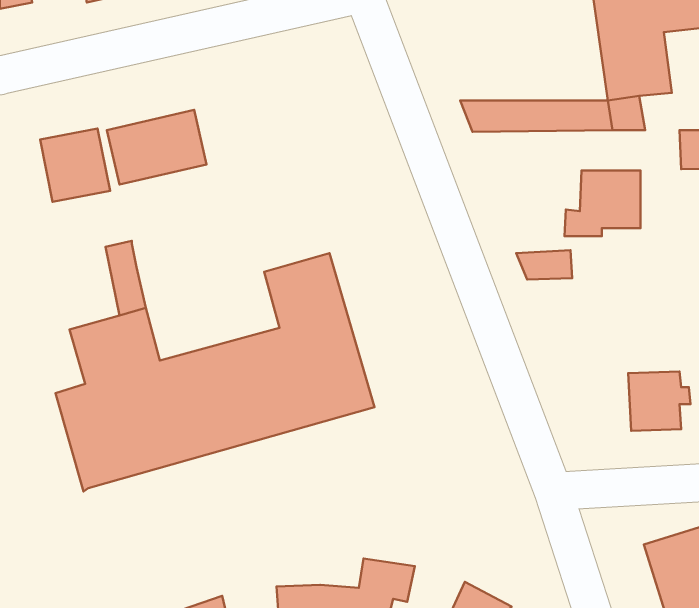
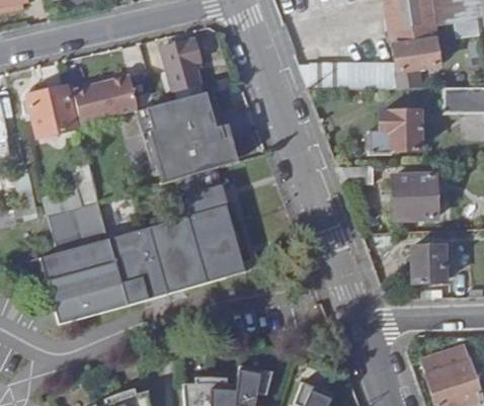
building: none -> [163,38,200,90]
building: none -> [143,91,231,182]
building: none -> [395,174,438,218]

